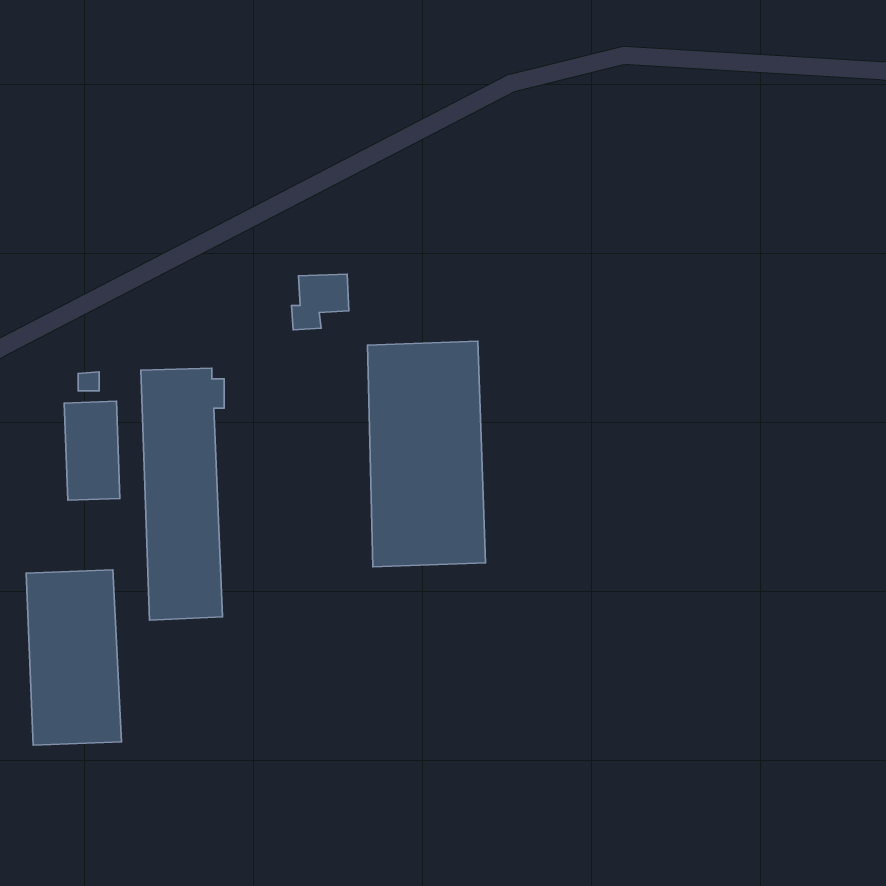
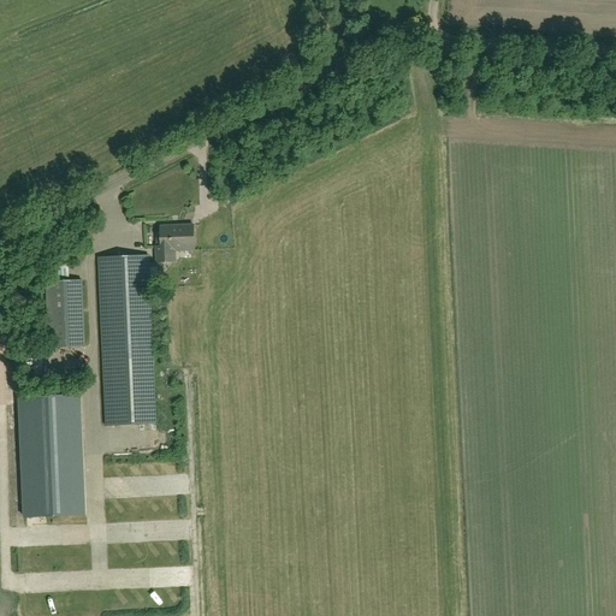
building: [292,274,349,330] -> [154,223,194,261]
building: [367,341,485,567] -> none

